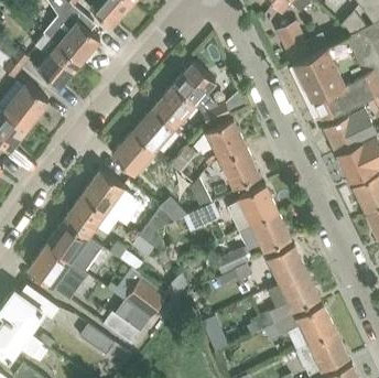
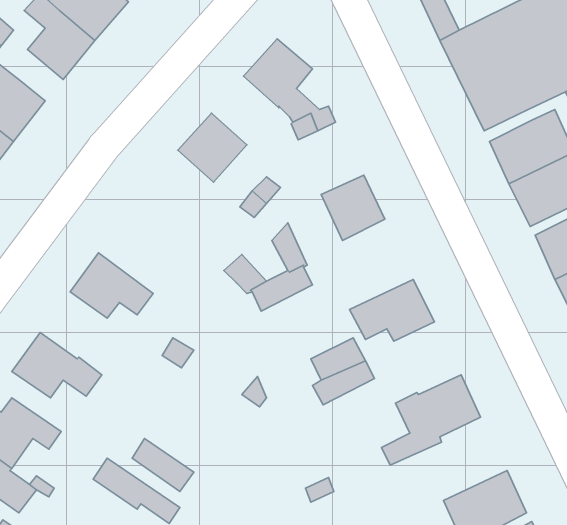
building: [152,86,194,129] -> none
building: [207,119,247,160] -> none
building: [111,132,153,174] -> none
building: [82,170,132,222] -> none
building: [226,185,278,231] -> none
building: [138,207,174,251] -> none
building: [45,220,87,262] -> none
building: [268,245,307,284] -> none
building: [108,276,166,318] -> none
building: [263,304,336,350] -> none

